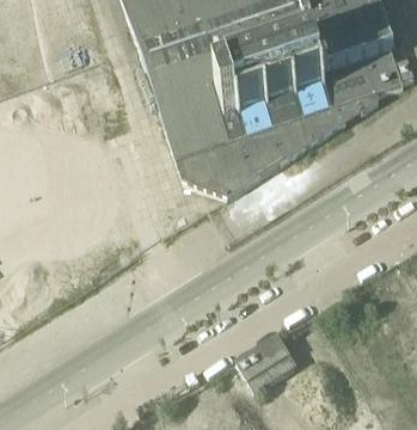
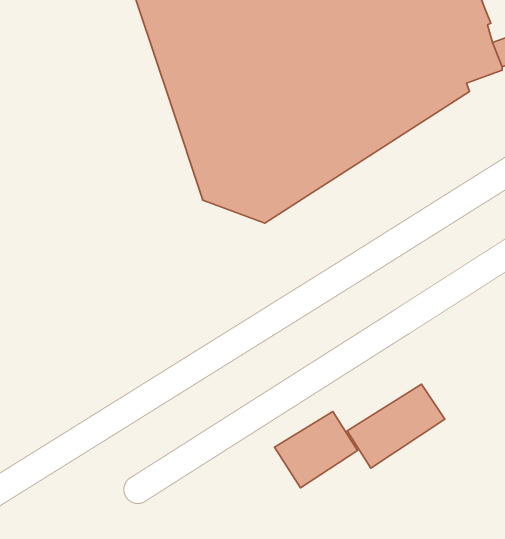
building: none -> [347,384,445,468]

